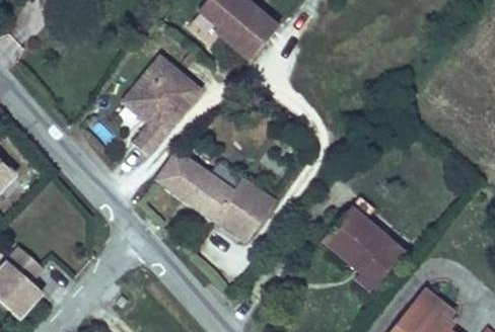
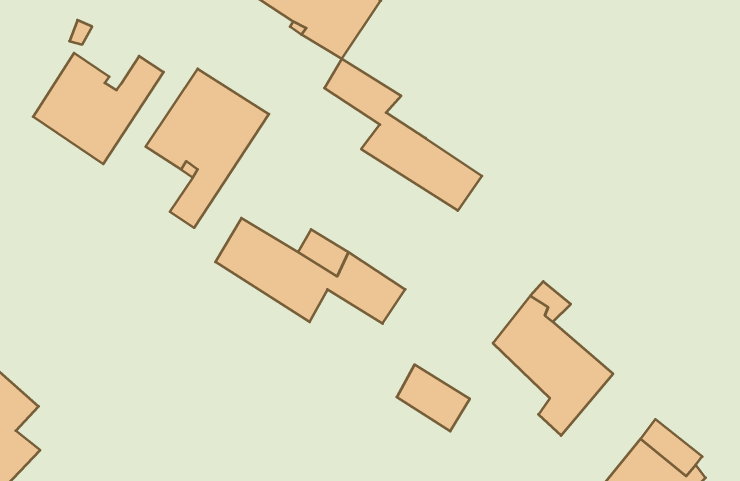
building: none -> [33,53,164,164]
building: none -> [324,59,482,211]
building: [215,199,261,241] -> [397,365,470,431]

